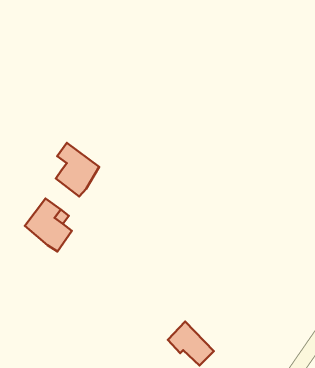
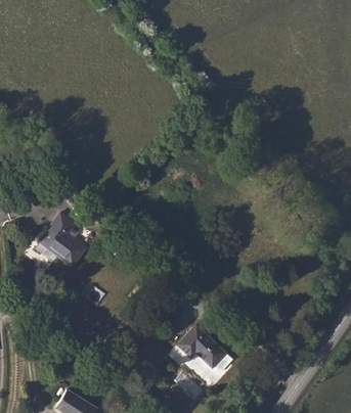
building: [56,143,99,196] -> none

